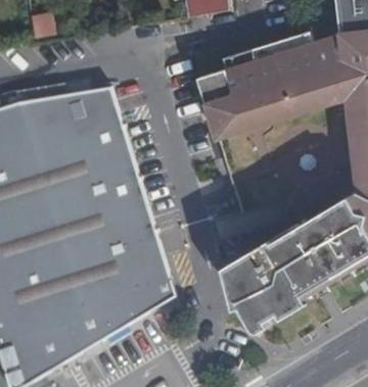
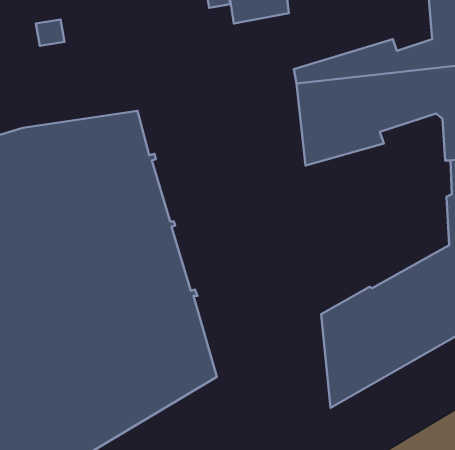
building: [196,55,240,139] -> none
building: [219,247,263,332] -> none

